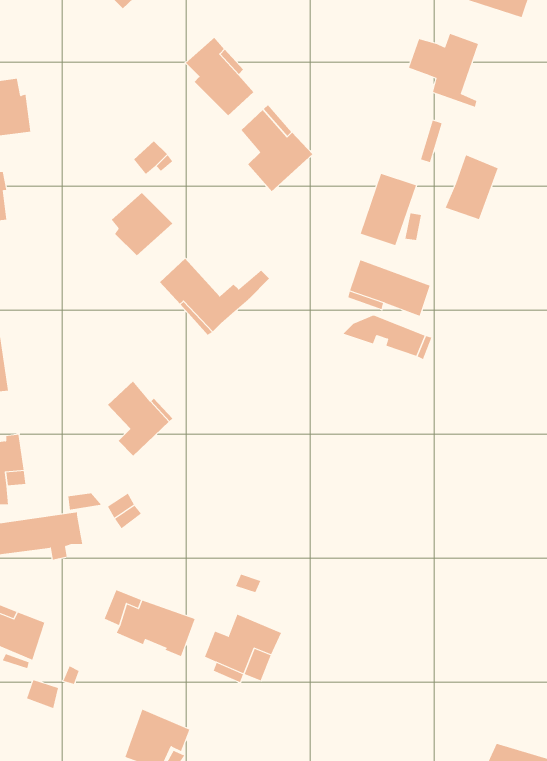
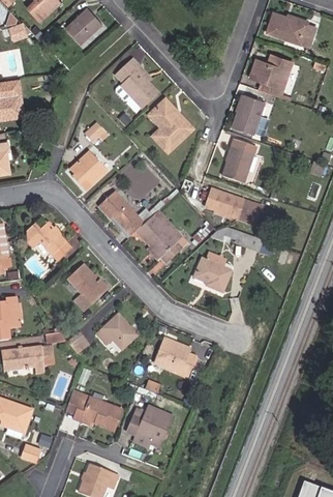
building: [445,154,498,220] -> [229,95,261,135]
building: none -> [137,216,188,264]
building: none -> [27,223,71,261]
building: none -> [193,253,232,292]
building: none -> [96,315,139,350]
building: none -> [154,342,195,376]

